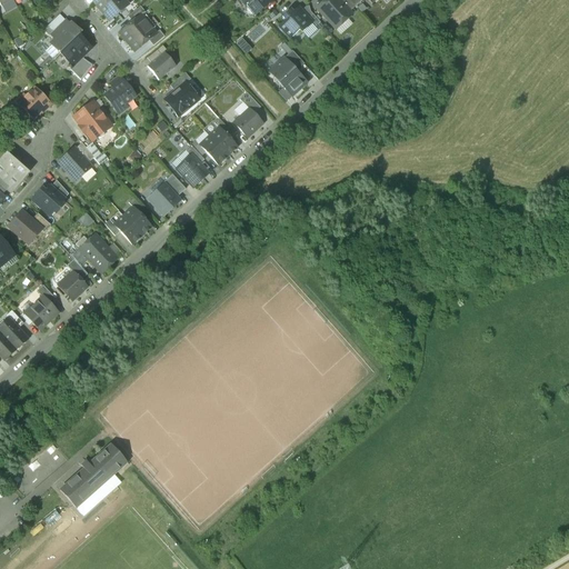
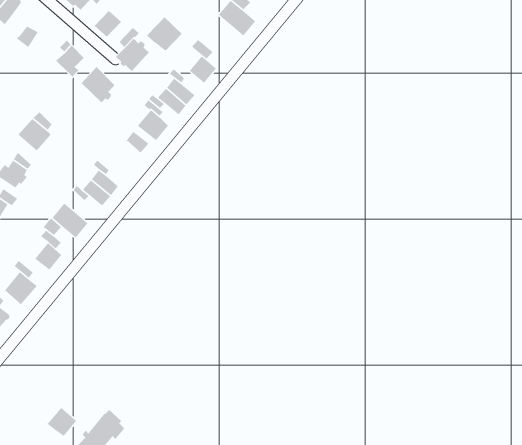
building: [60,34,90,64] -> none
building: none -> [146,16,182,51]
building: [74,101,108,138] -> [81,66,115,103]
building: [148,182,179,213] -> none
building: none -> [47,407,77,437]

